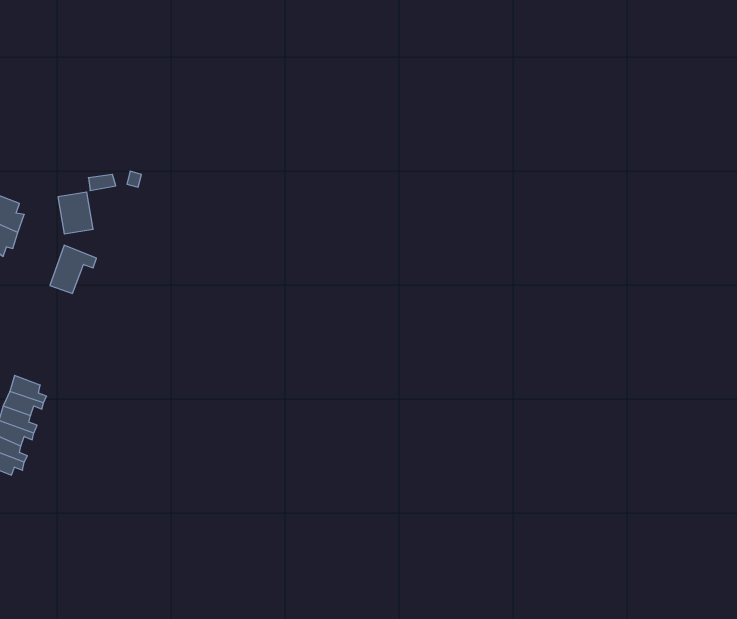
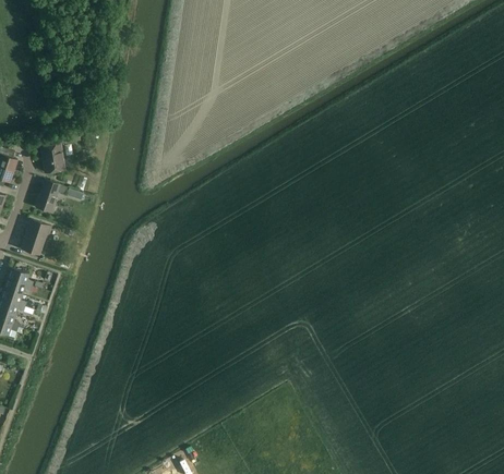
building: none -> [21,219,51,256]

